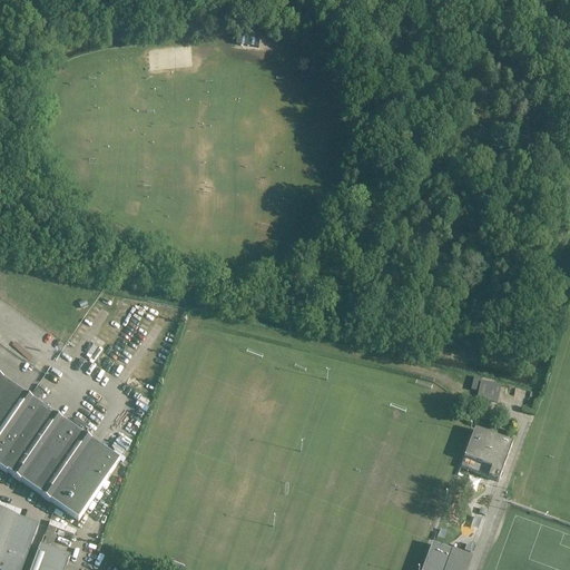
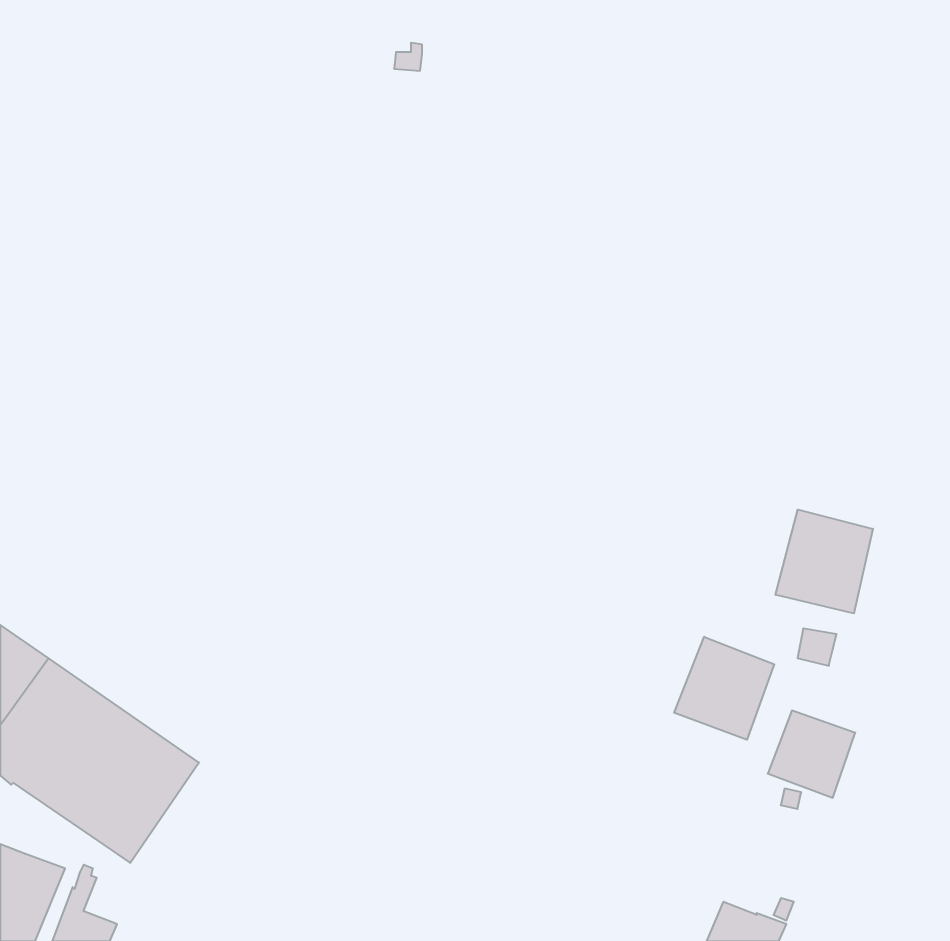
building: none -> [776,510,873,613]
building: none -> [674,637,774,740]

